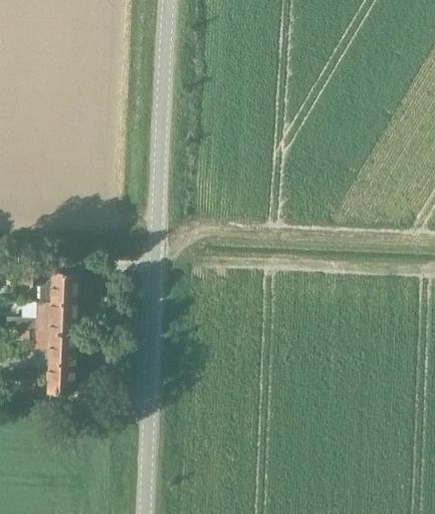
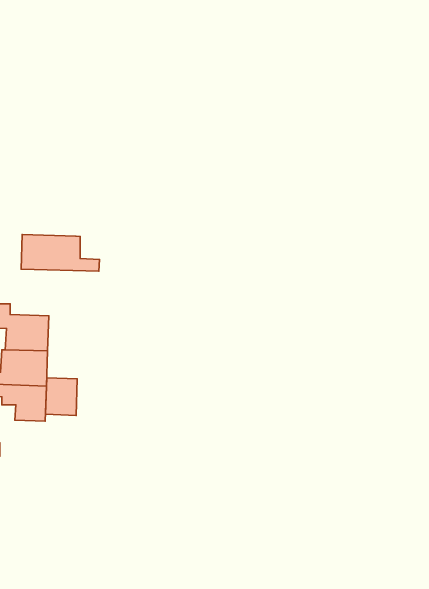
building: none -> [21,235,100,271]
building: [47,365,74,398] -> [46,378,77,415]

